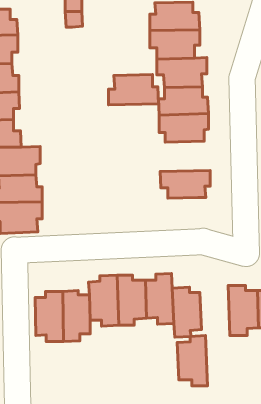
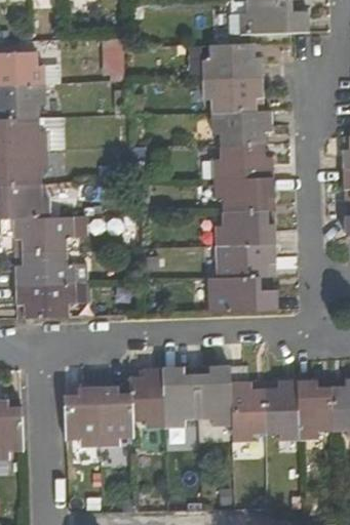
building: [109,75,159,105] -> [215,209,274,245]
building: none -> [209,276,276,311]
building: [177,336,207,386] -> [262,380,298,440]

